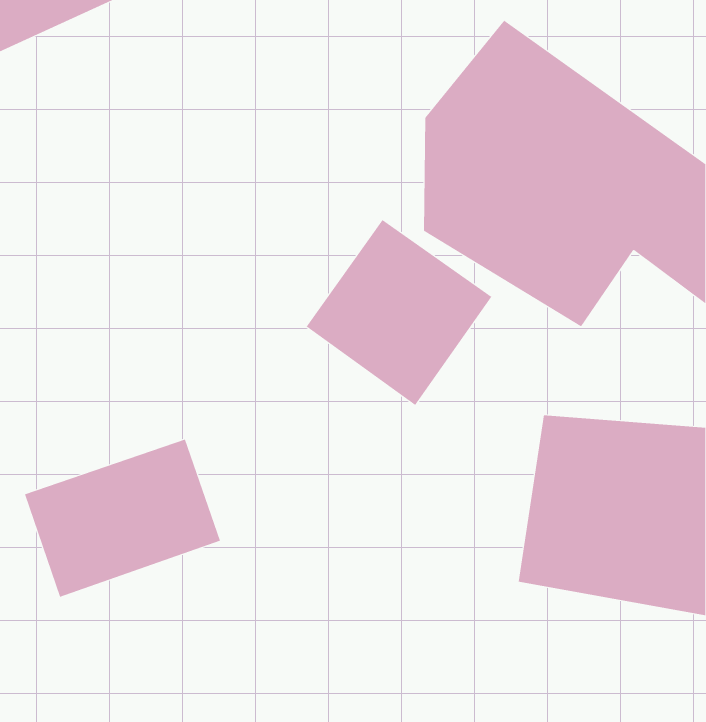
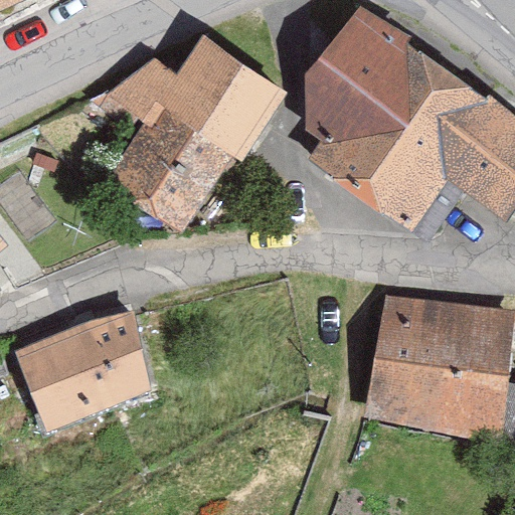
building: none -> [93,33,291,230]
building: [306,219,492,406] -> none

